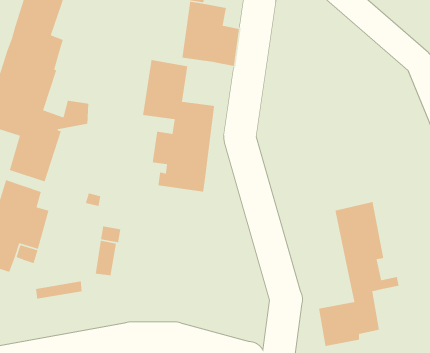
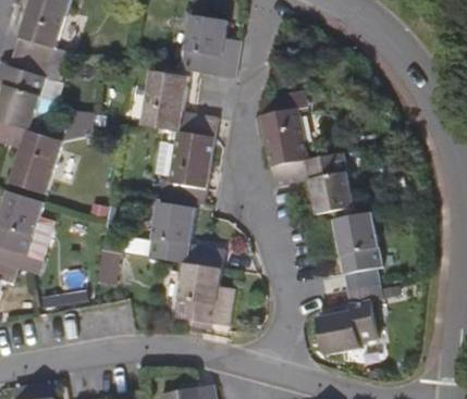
building: none -> [257,91,353,214]
building: none -> [148,202,233,325]

